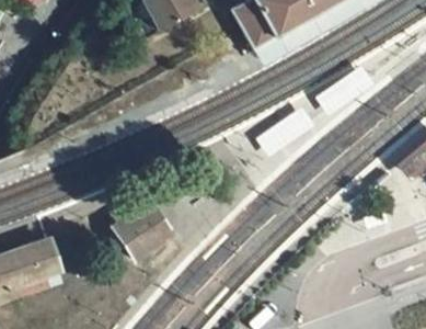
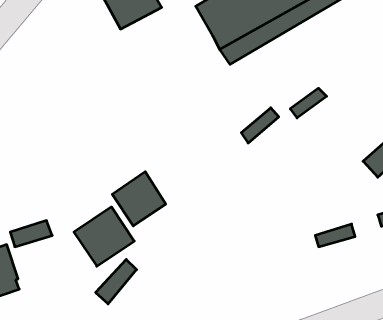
building: none -> [112,172,166,226]

